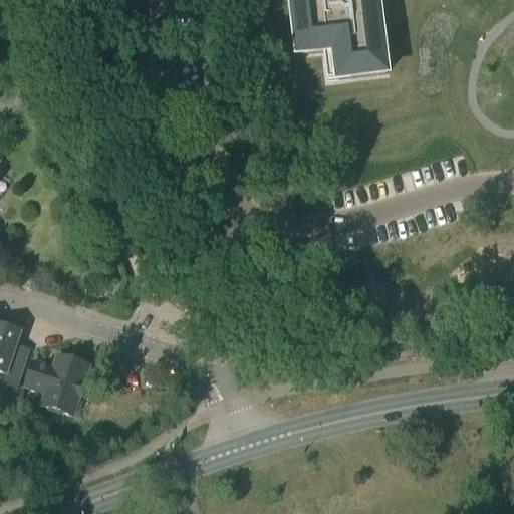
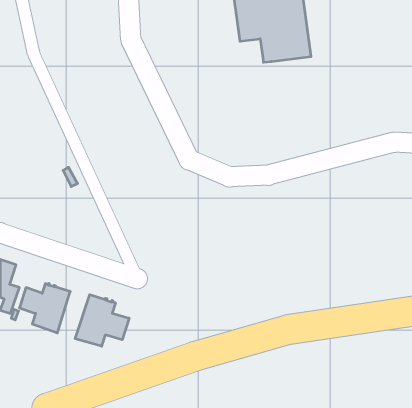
building: none -> [75,295,129,346]

